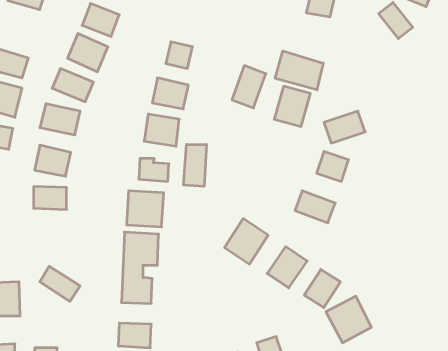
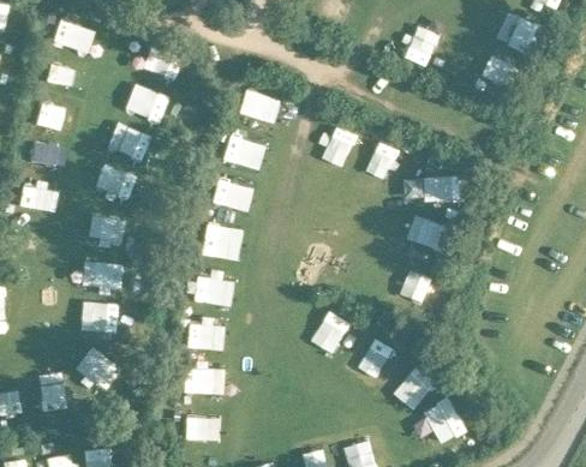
building: [275,51,323,90] -> none
building: [184,144,206,186] -> none
building: none -> [82,301,124,333]

